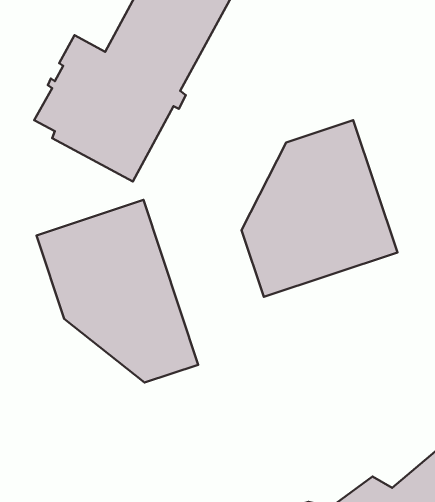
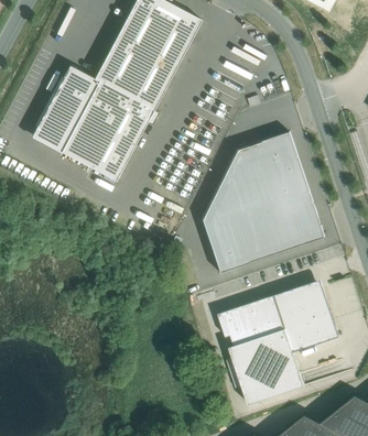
building: [36,200,198,383] -> none
building: none -> [217,284,337,404]

